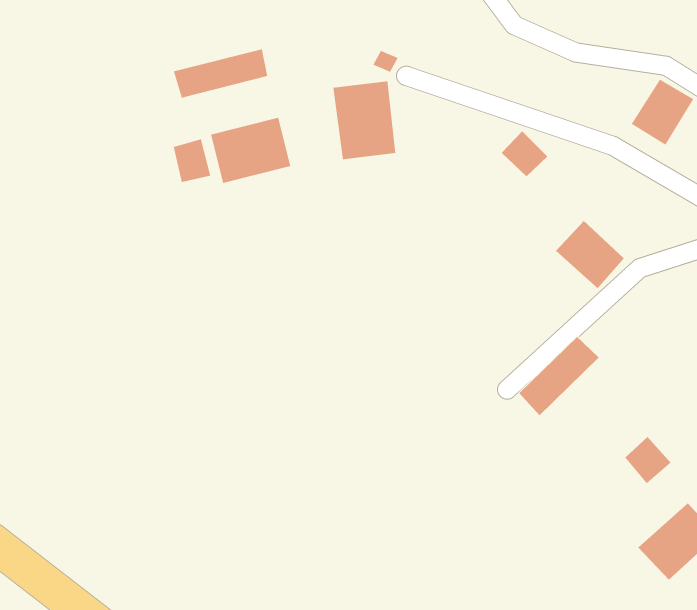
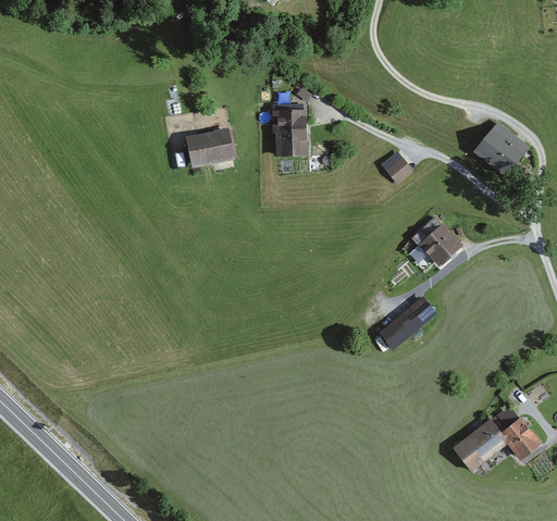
building: [173,49,268,98] -> none
building: [173,139,211,183] -> none
building: [624,436,672,484] -> none

